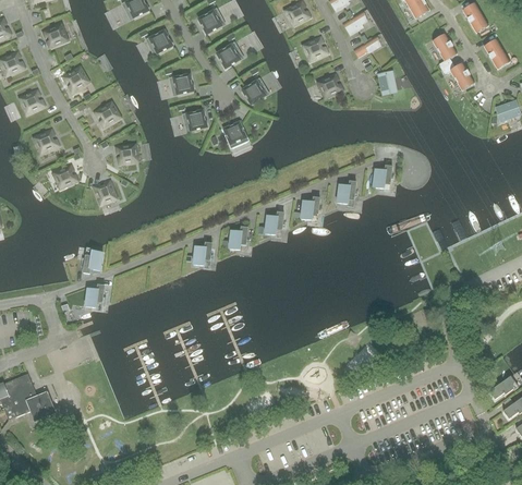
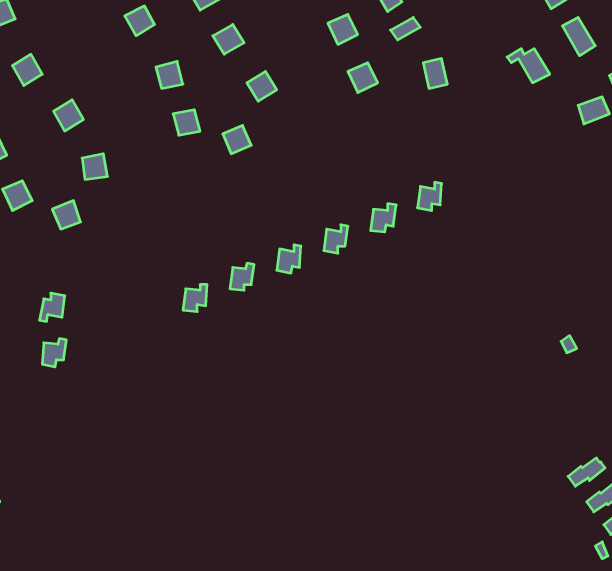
building: [432,33,457,69] -> none

